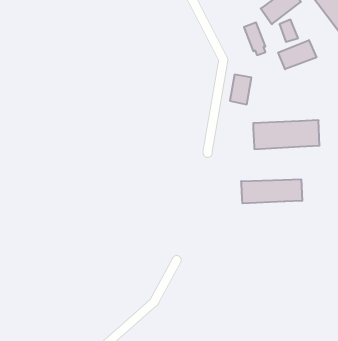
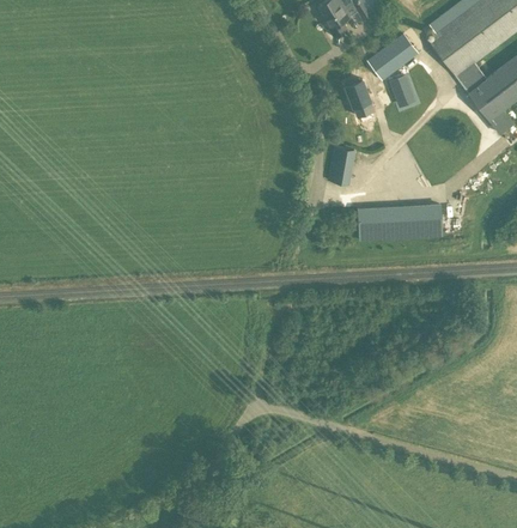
building: [278,40,316,69] -> none
building: [241,179,302,203] -> none

